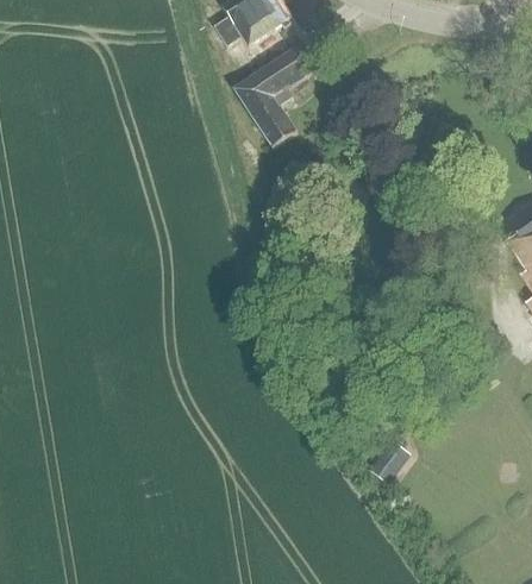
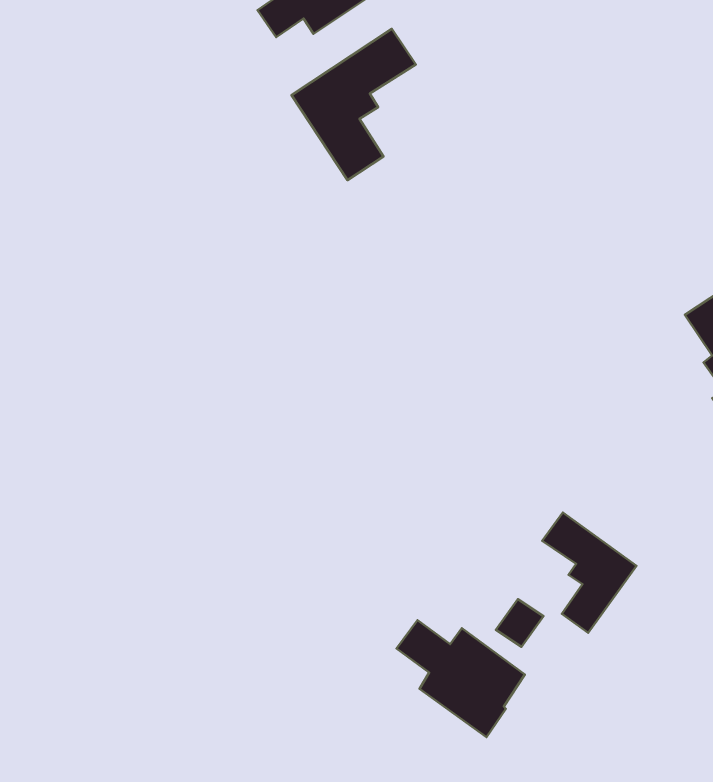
building: none -> [542,512,637,633]
building: none -> [396,620,525,737]

